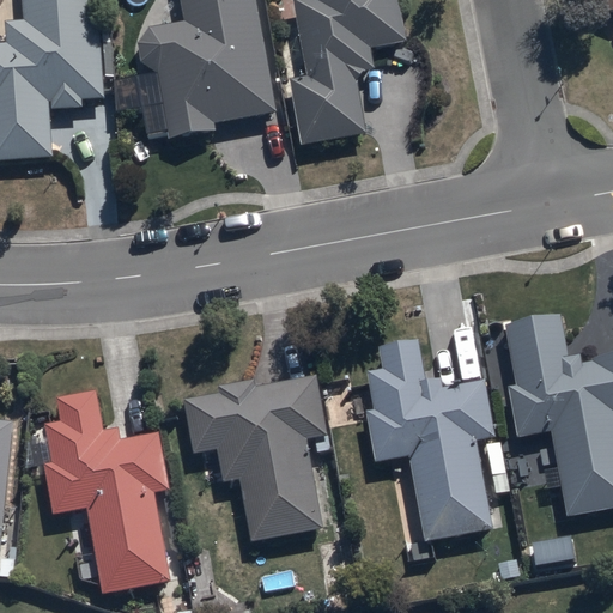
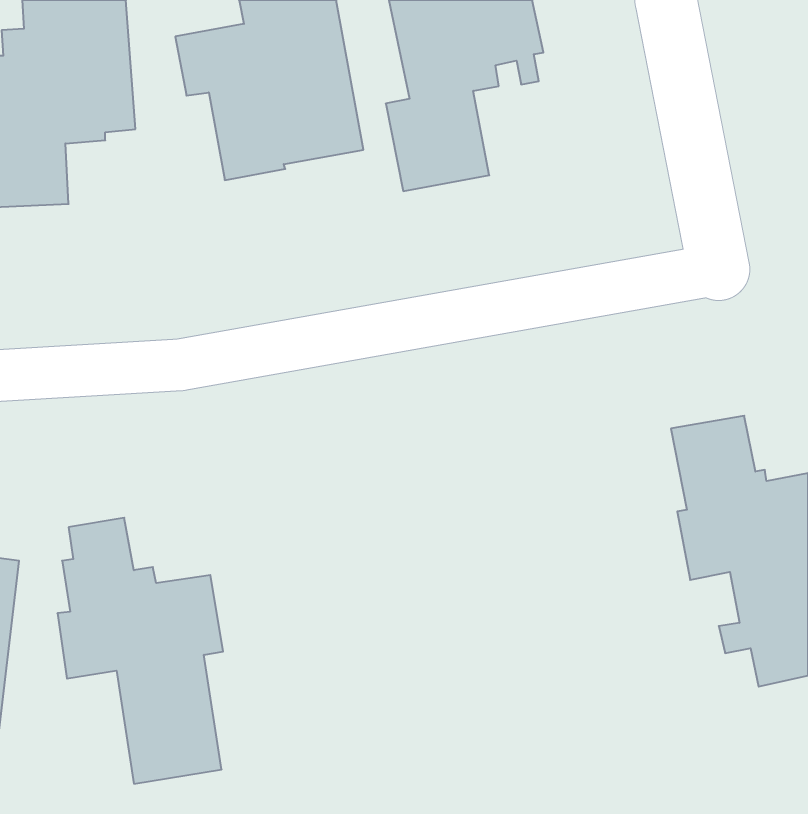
building: [365,339,493,540] -> none
building: [183,374,323,540] -> none

